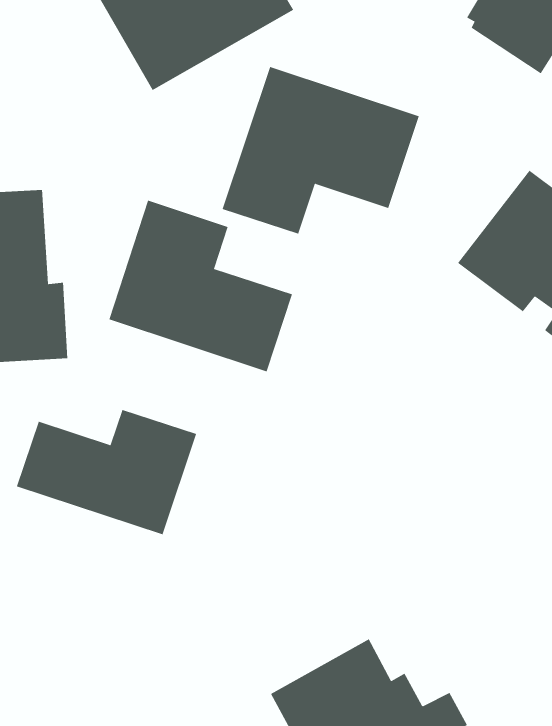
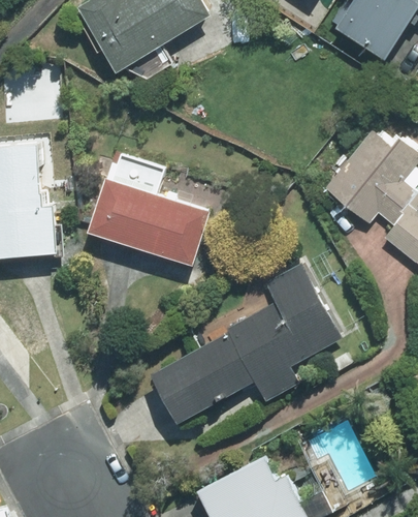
building: [222,66,420,235] -> none
building: none -> [151,262,342,420]
building: [16,409,197,535] -> none

